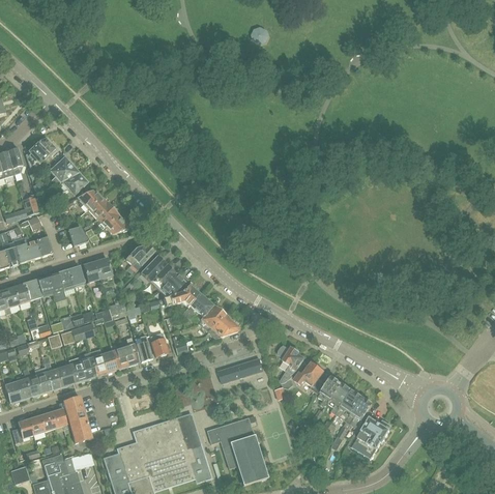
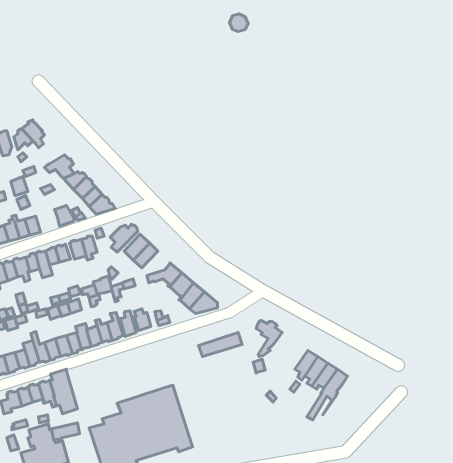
building: [50,156,78,186] -> none
building: [158,272,187,297] -> none
building: [292,361,325,391] -> none
building: [347,411,391,458] -> none
building: [206,414,268,485] -> none

